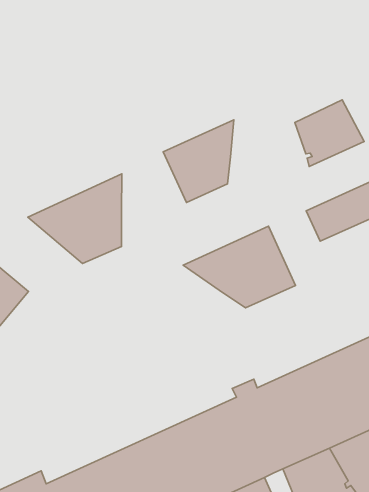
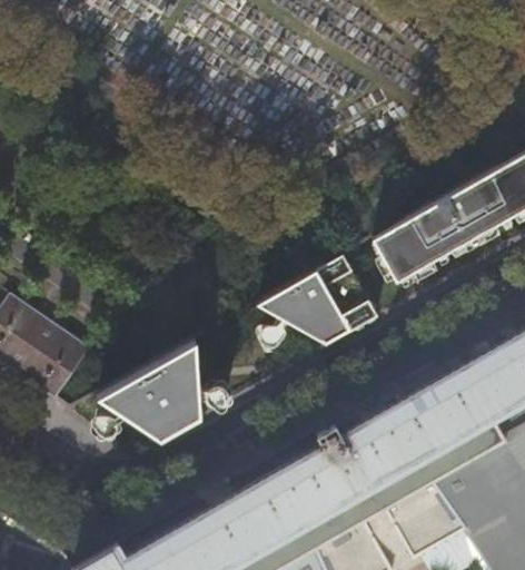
building: [295,100,364,167] -> none
building: [163,120,234,203] -> none
building: [28,174,122,264] -> [98,342,201,442]

